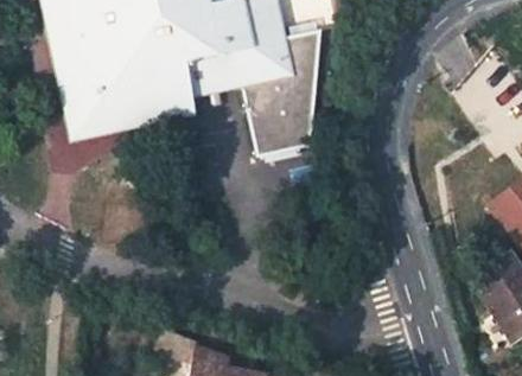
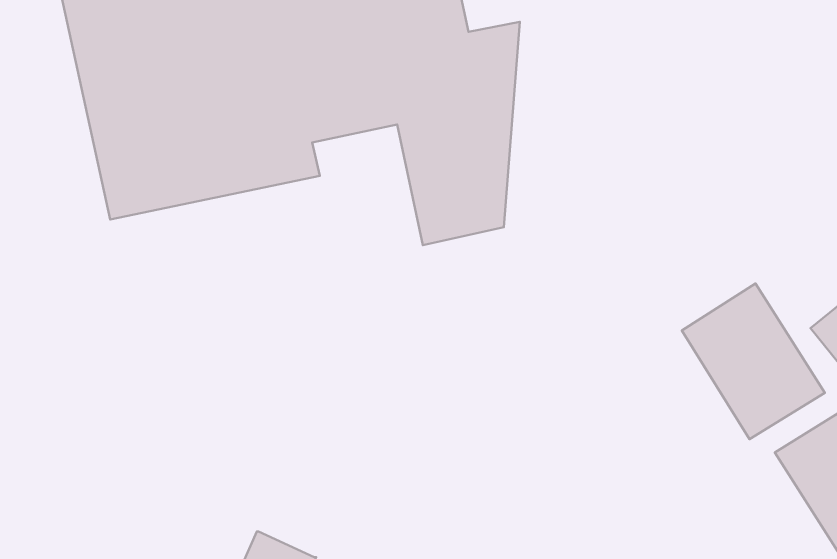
building: none -> [682,283,825,439]

